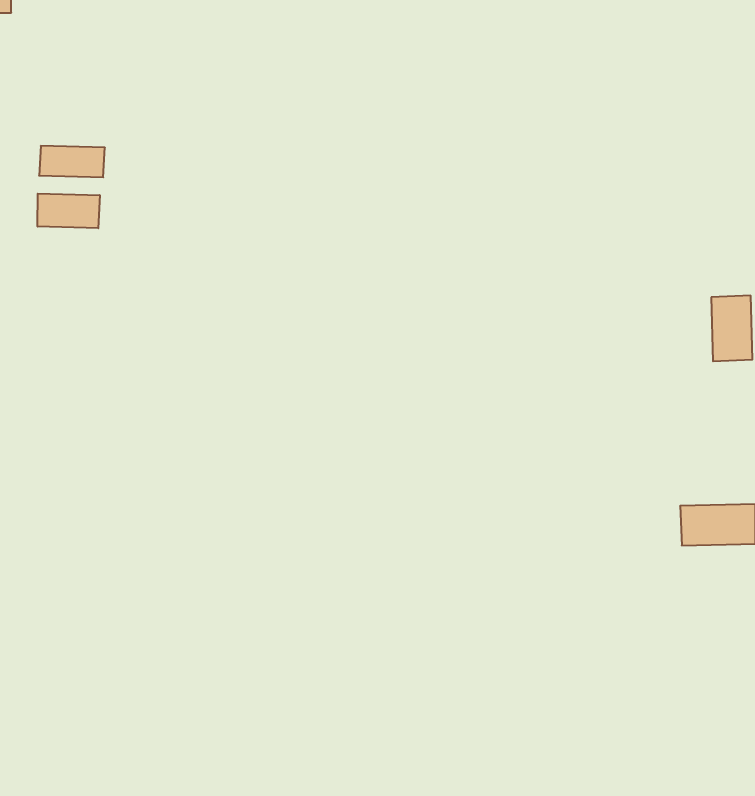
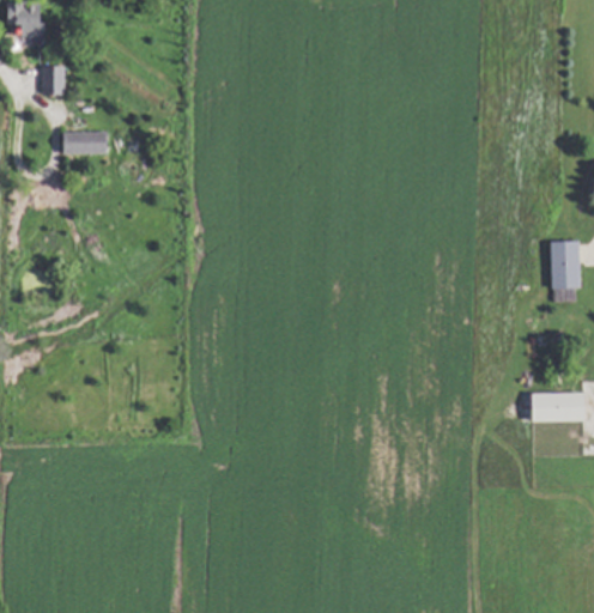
building: none -> [49,66,67,95]
building: [38,194,100,228] -> none

